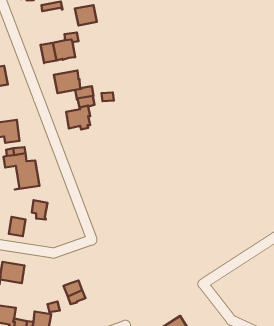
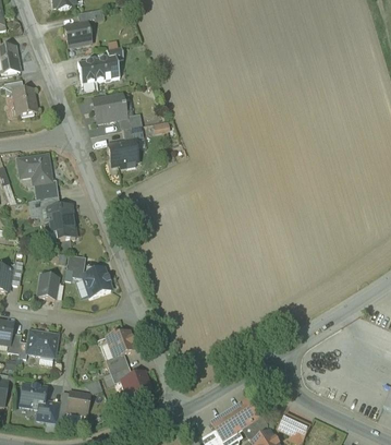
building: [75,5,97,25] -> [64,22,91,47]
building: none -> [83,267,111,297]
building: none -> [107,330,136,357]
building: none -> [122,371,151,398]

